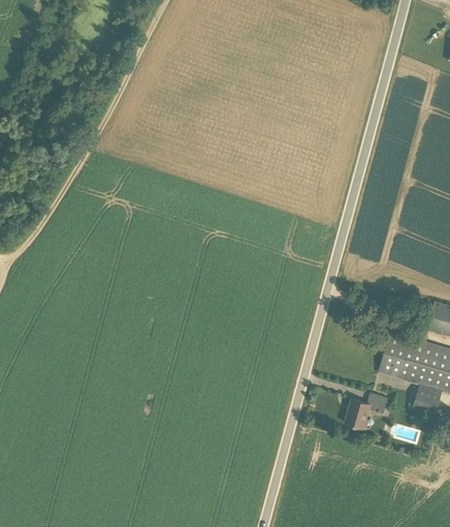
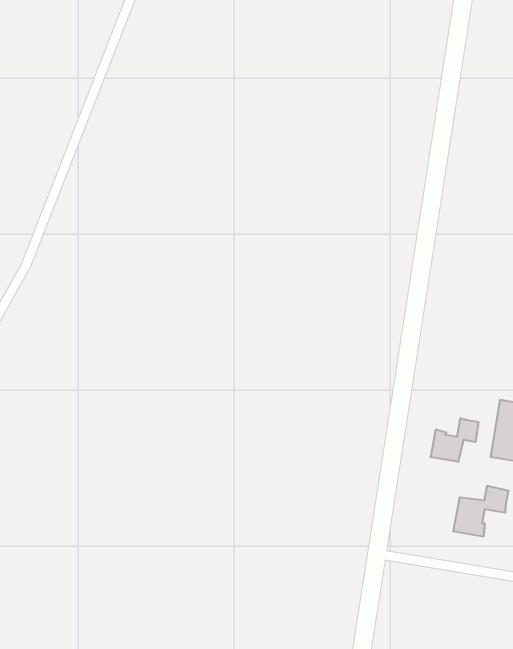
building: none -> [431,418,478,462]

